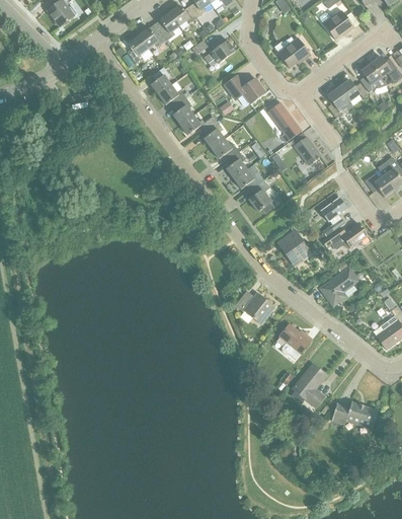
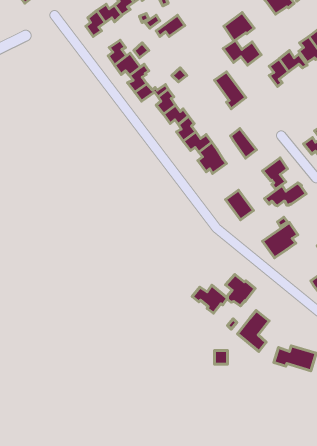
building: [223,75,264,102] -> [223,40,261,65]
building: [291,132,319,164] -> [231,128,256,158]
building: [235,292,273,322] -> [192,285,227,313]

